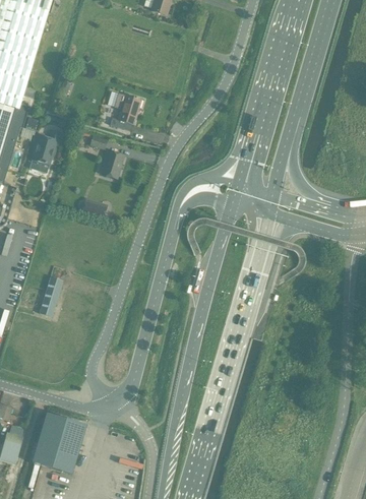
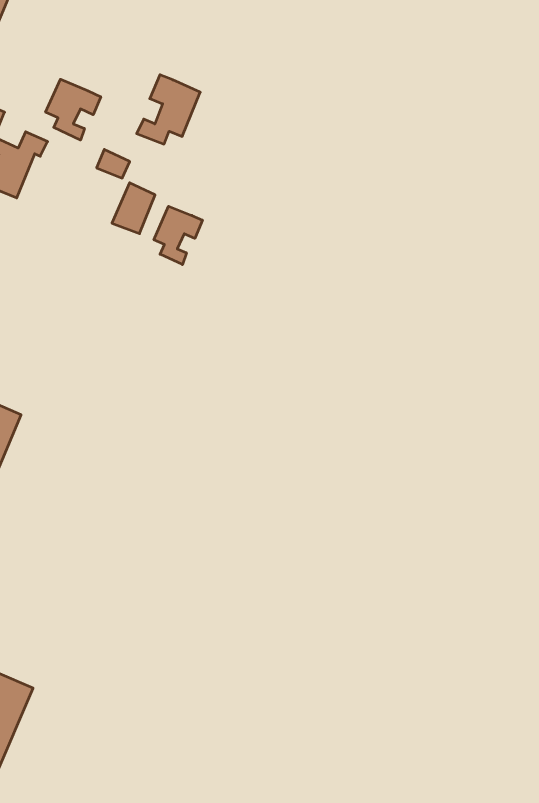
building: none -> [46,79,101,140]
building: none -> [154,206,202,265]

